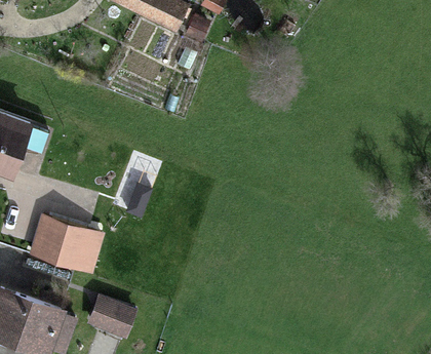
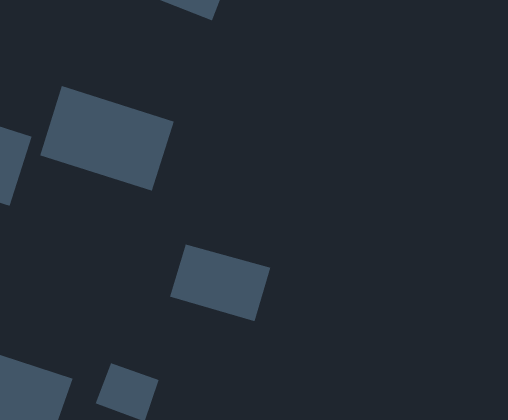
building: none -> [39,85,174,192]
building: [24,217,103,277] -> [169,244,271,322]

